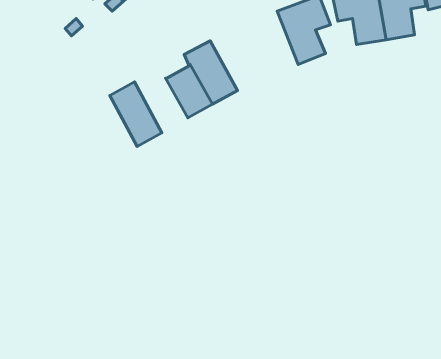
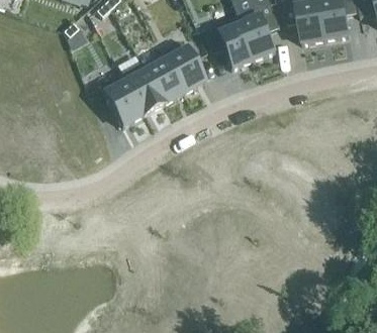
building: none -> [203,17,255,69]
building: none -> [121,64,165,116]

